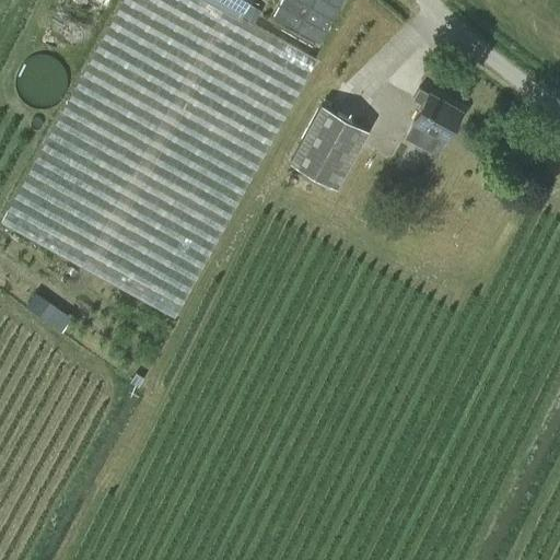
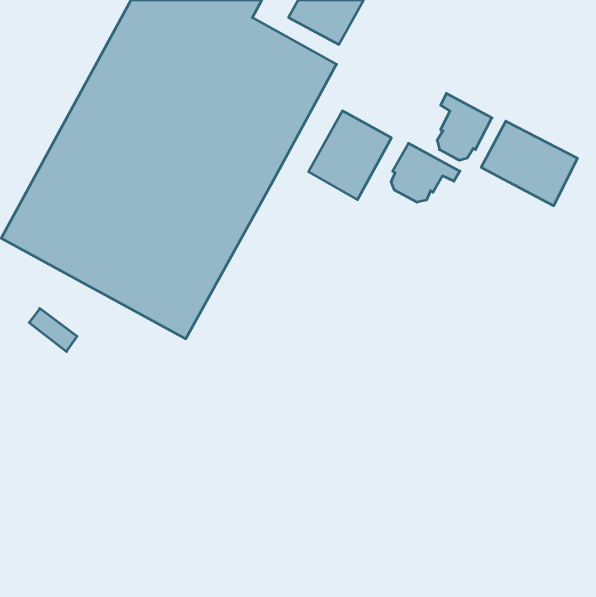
building: none -> [481,121,577,206]
building: none -> [391,143,460,202]

